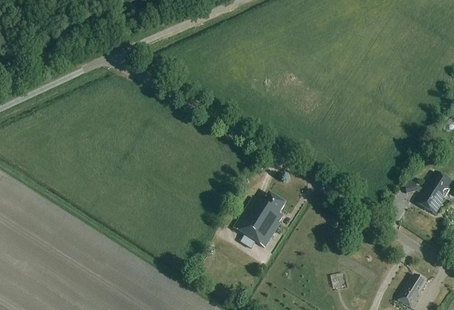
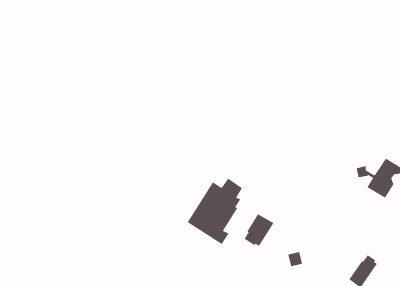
building: none -> [244,214,274,247]

